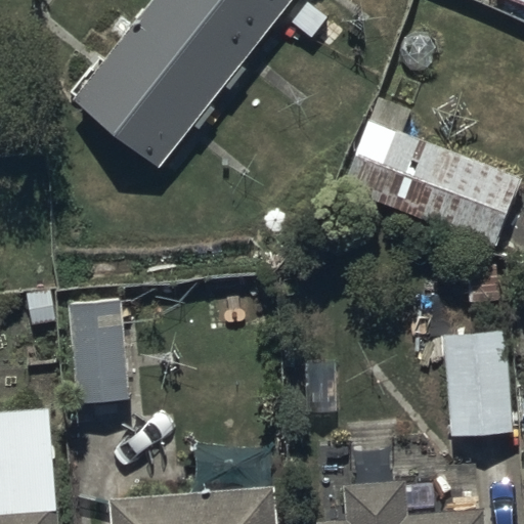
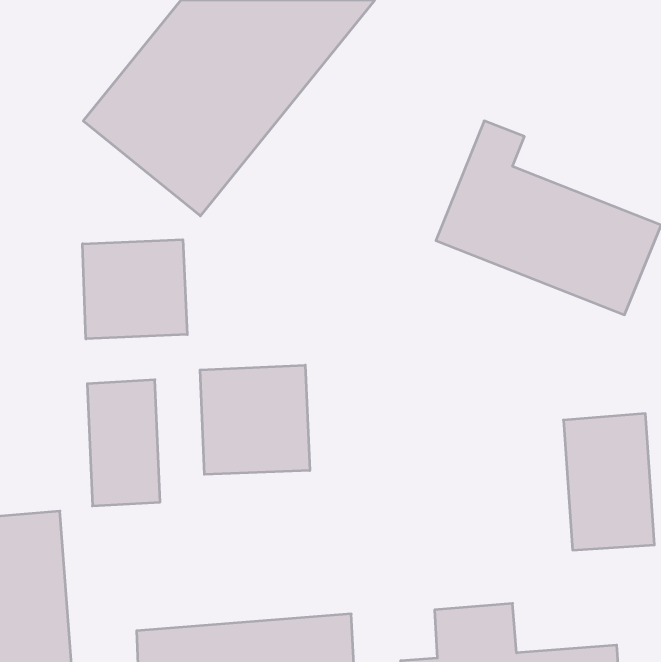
building: none -> [83,240,187,339]
building: none -> [200,365,310,474]

